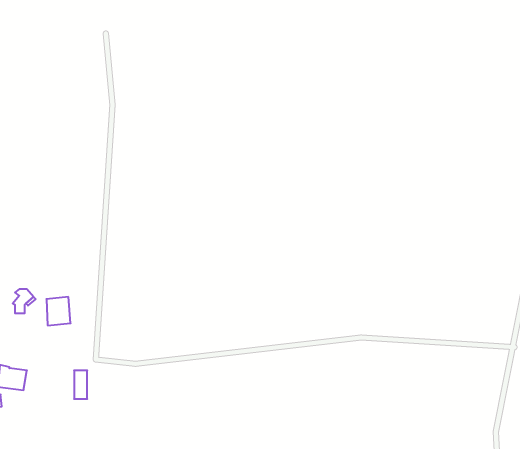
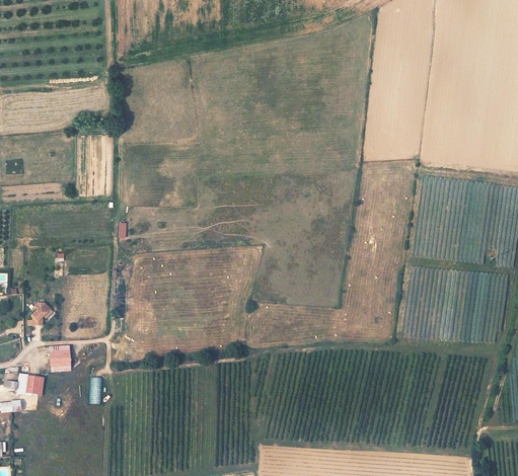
building: [46,297,71,325] -> [50,345,72,372]

